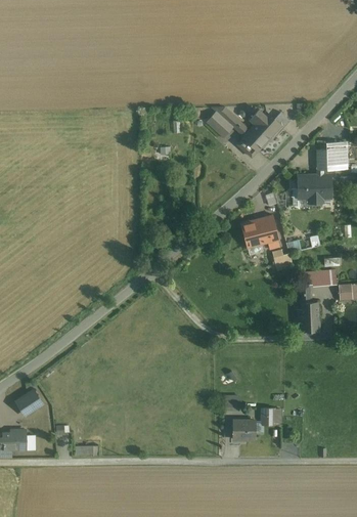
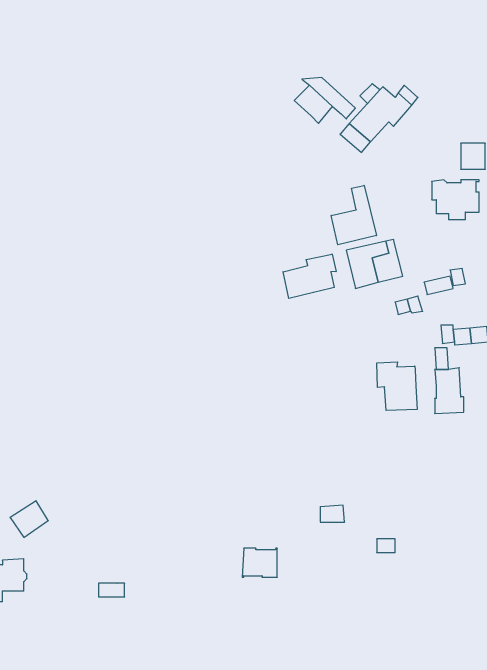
building: none -> [331,185,376,245]
building: none -> [283,254,336,298]
building: none -> [377,362,417,410]
building: [232,420,256,439] -> [242,548,277,577]

